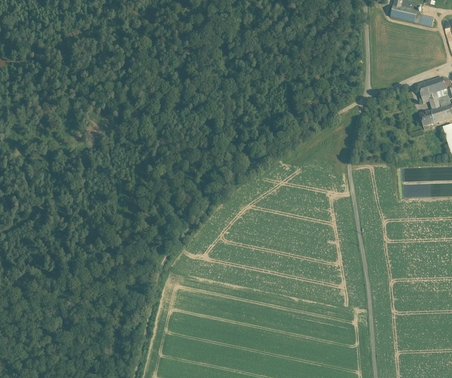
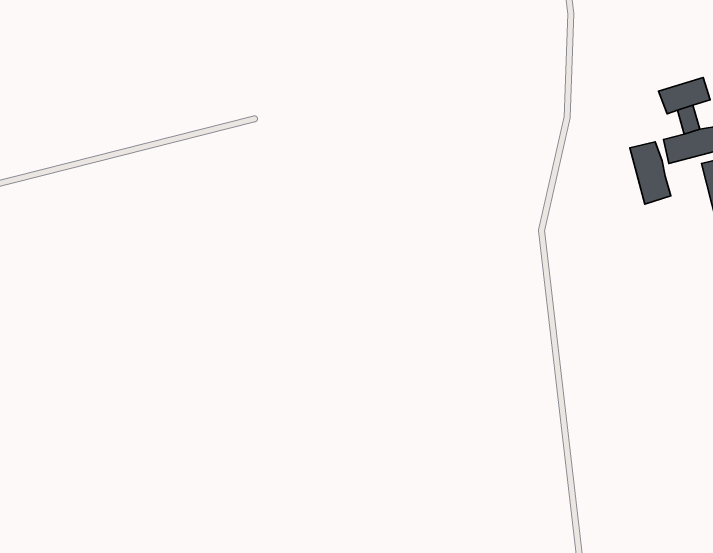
building: none -> [630,142,671,204]

